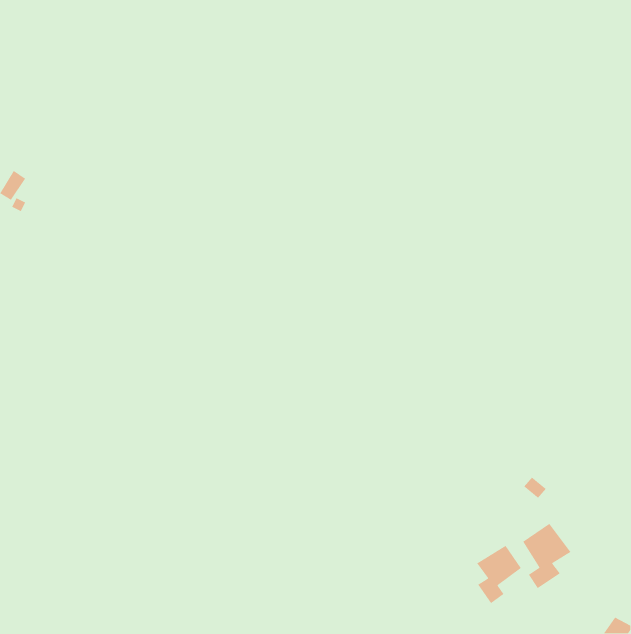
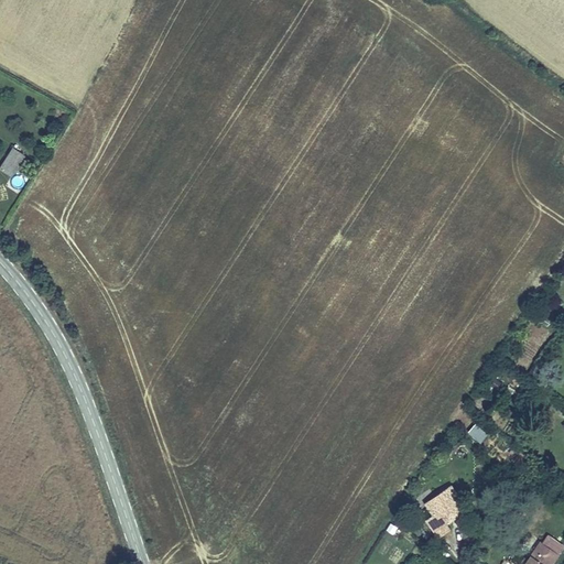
building: [522,523,572,589] -> none

